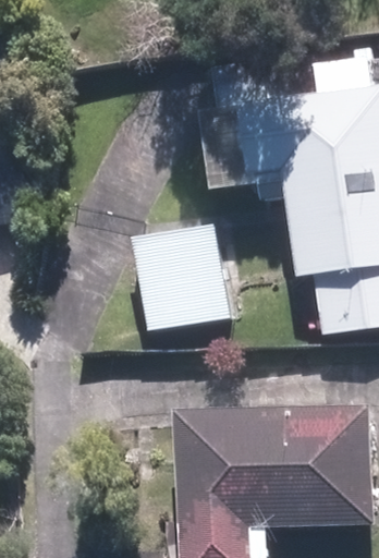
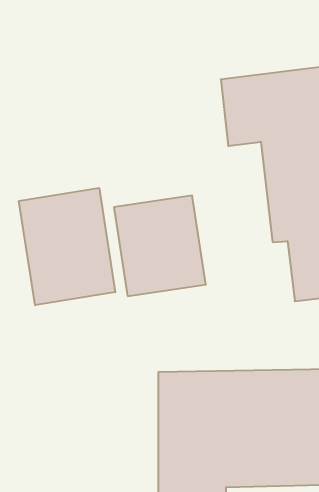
building: none -> [19,188,115,305]

